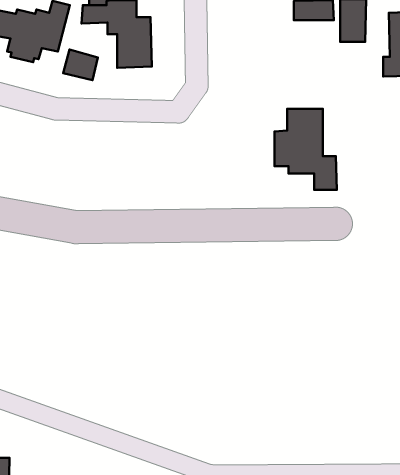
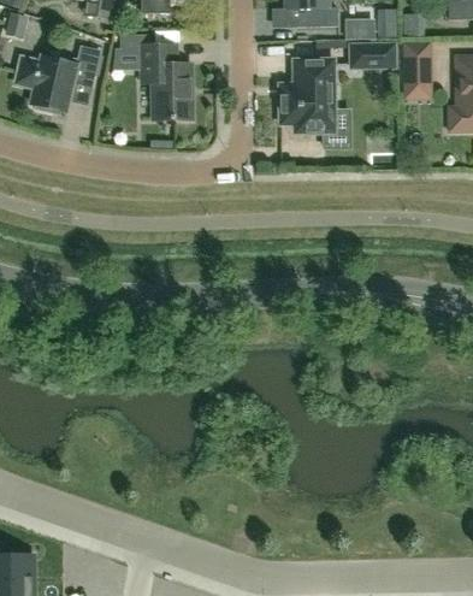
building: [63,49,98,80] -> none
building: [274,109,337,190] -> [279,59,349,149]

